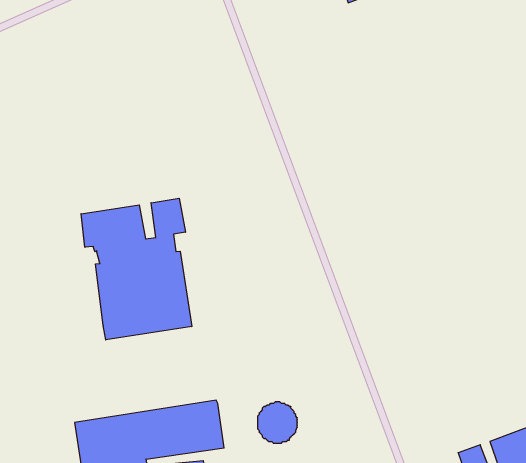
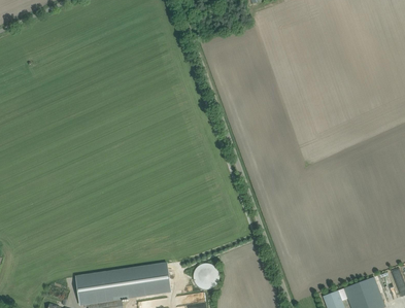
building: [81,198,192,340] -> none

